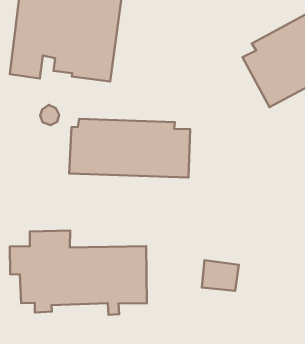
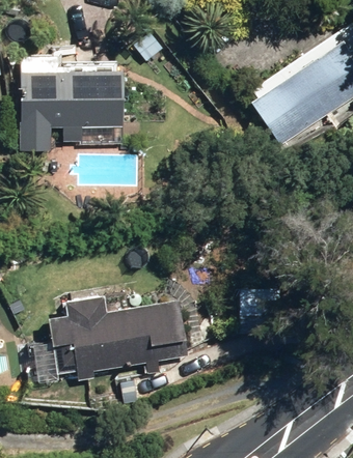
building: [69,119,190,178] -> none

